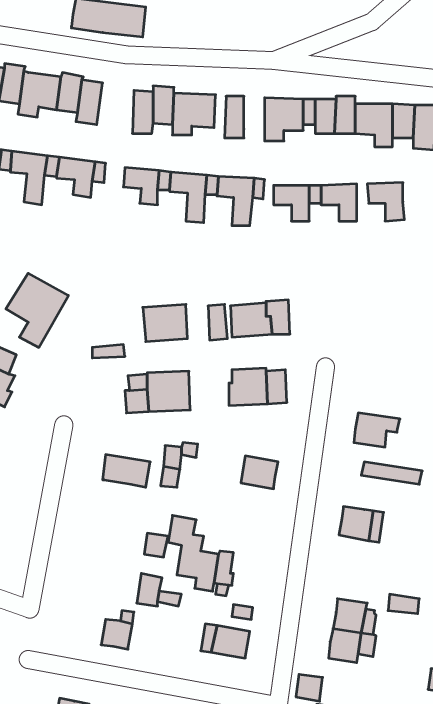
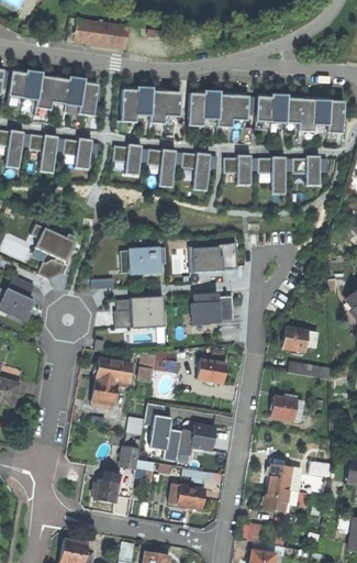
building: none -> [201,90,216,119]
building: none -> [92,379,119,408]
building: none -> [191,424,216,450]

